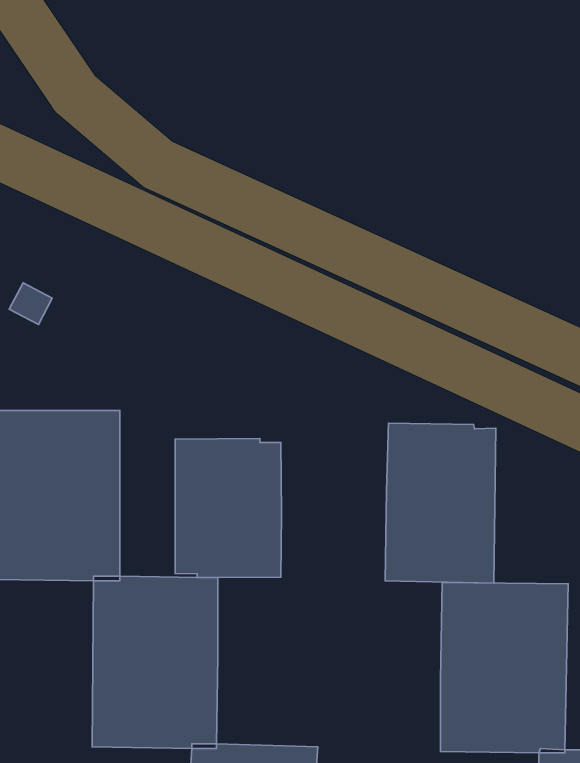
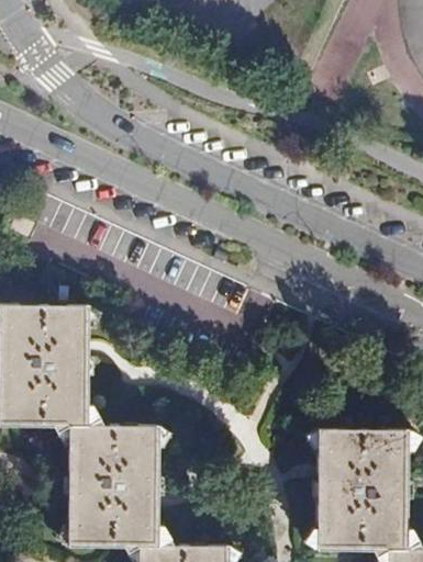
building: [385,423,496,583] -> none
building: [175,439,281,578] -> none

